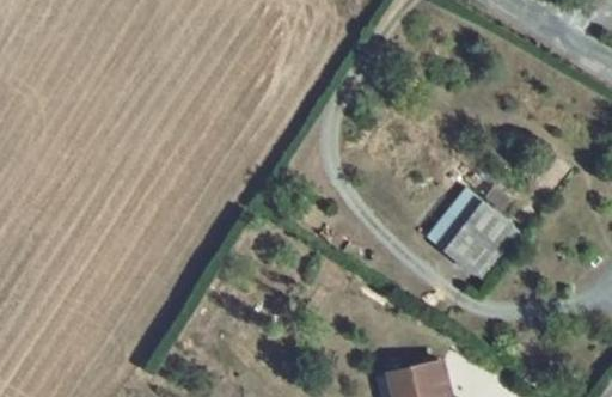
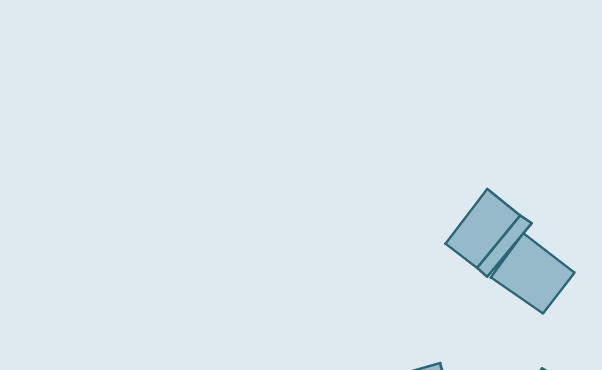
building: none -> [491,233,574,313]

